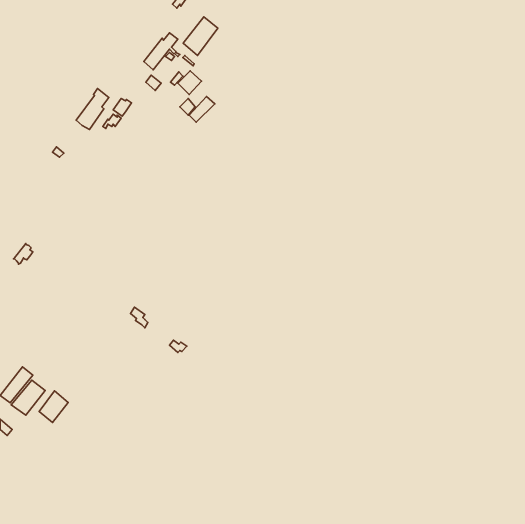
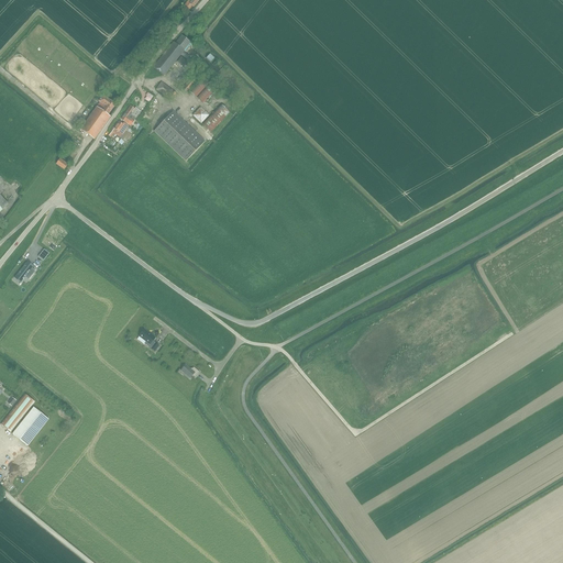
building: [183,17,218,55] -> none
building: none -> [154,110,206,161]
building: [39,391,68,422] -> none

